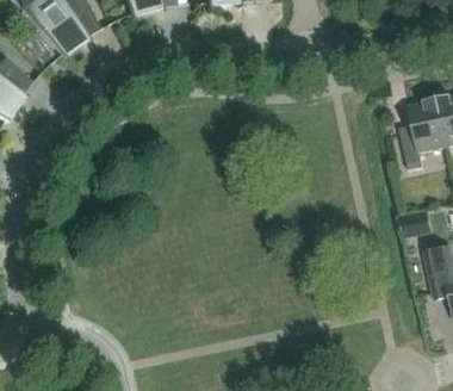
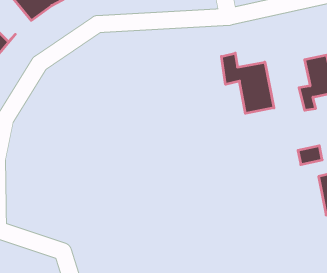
building: none -> [221,53,274,113]

